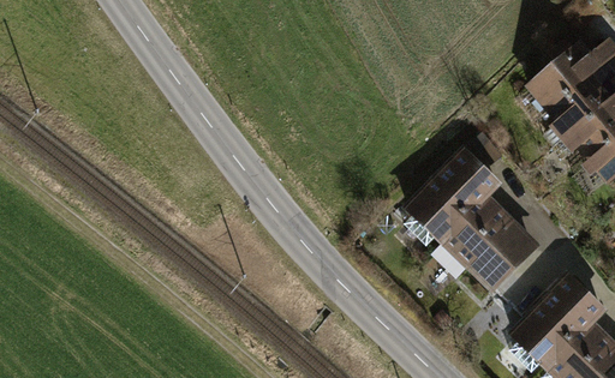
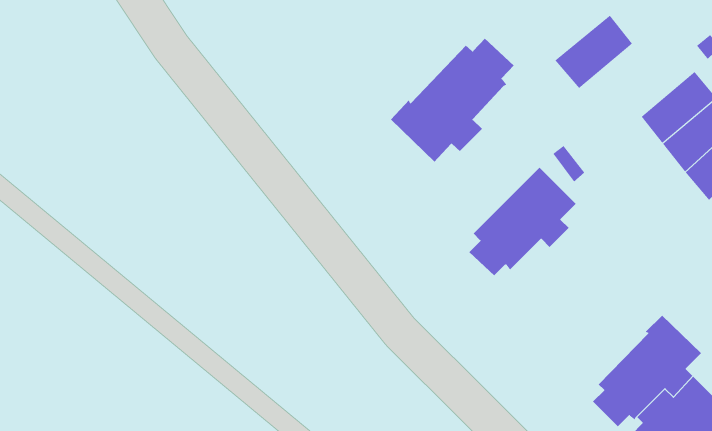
building: none -> [390,38,514,162]
building: [531,42,597,104] -> [555,15,633,89]
building: [438,198,533,282] -> none

